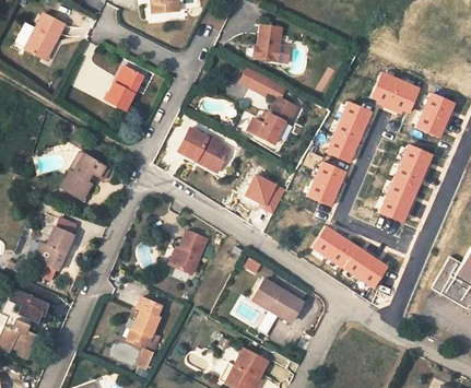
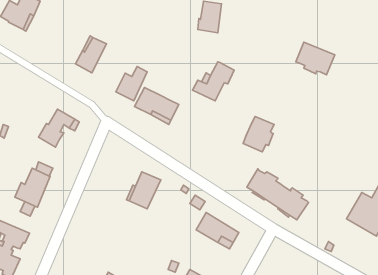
building: [248,72,285,98] -> none
building: [416,94,454,138] -> none
building: [327,103,370,162] -> none
building: none -> [116,67,147,101]
building: [379,145,432,223] -> none
building: [244,176,285,215] -> none
building: [127,297,161,345] -> none

